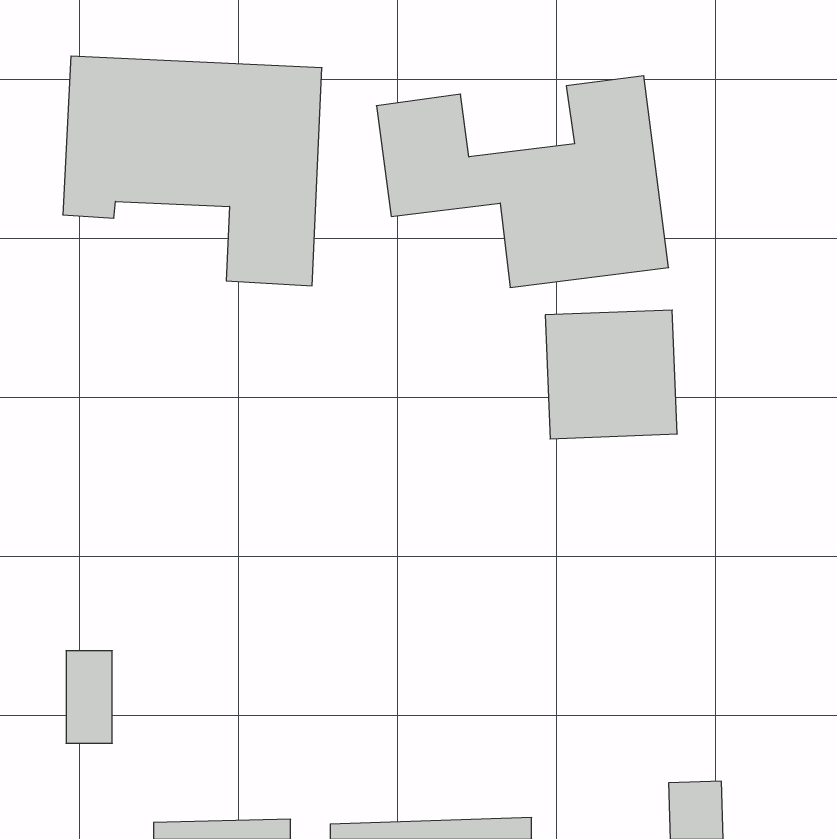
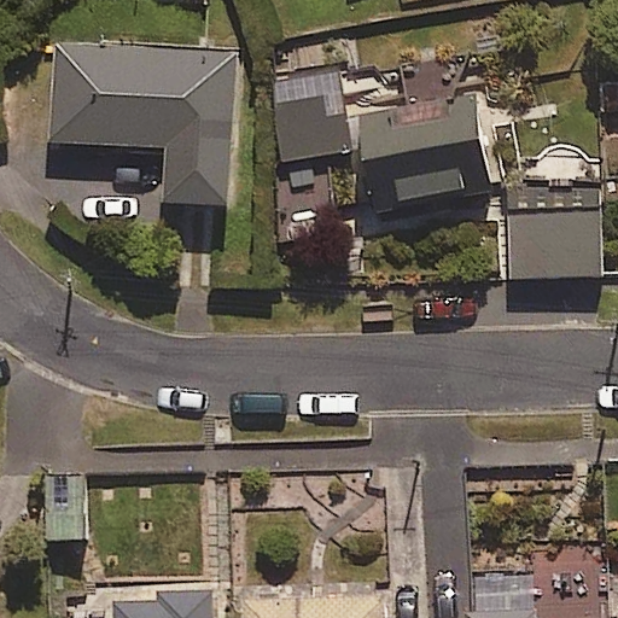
building: [545,310,677,439] -> [503,187,600,281]

